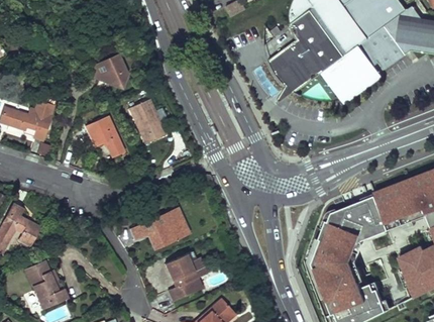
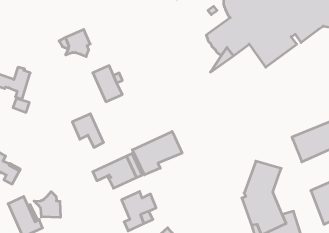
building: [86,116,124,157] -> [72,114,104,147]
building: none -> [132,131,182,175]
building: [329,190,389,236] -> none
building: none -> [34,192,60,217]

